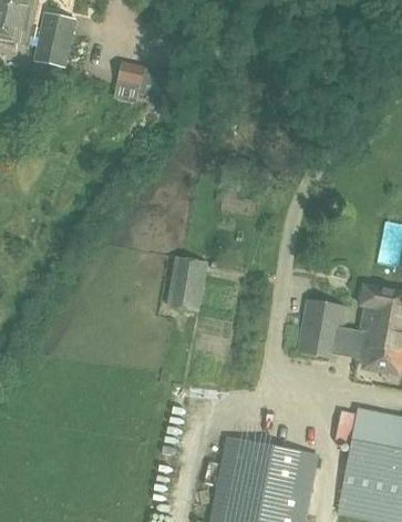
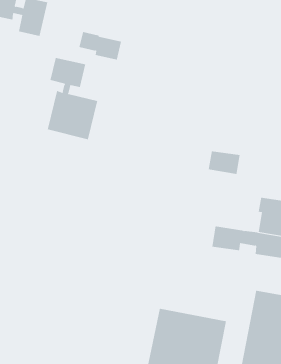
building: none -> [47,57,98,140]
building: [171,257,205,311] -> none
building: [302,298,347,330] -> [208,151,241,175]

